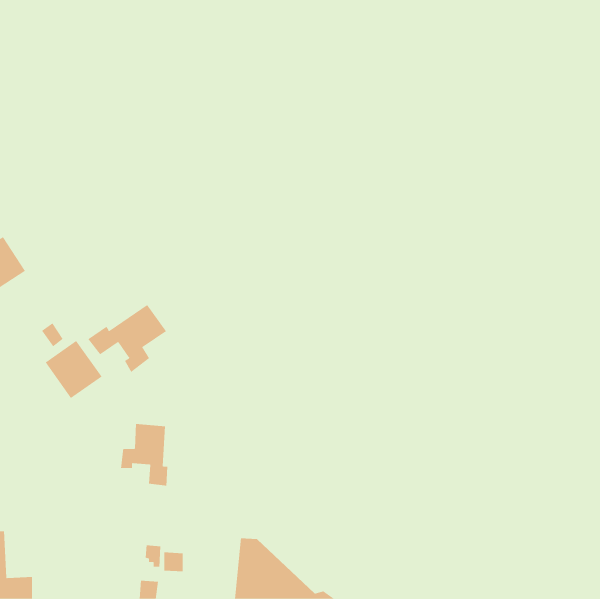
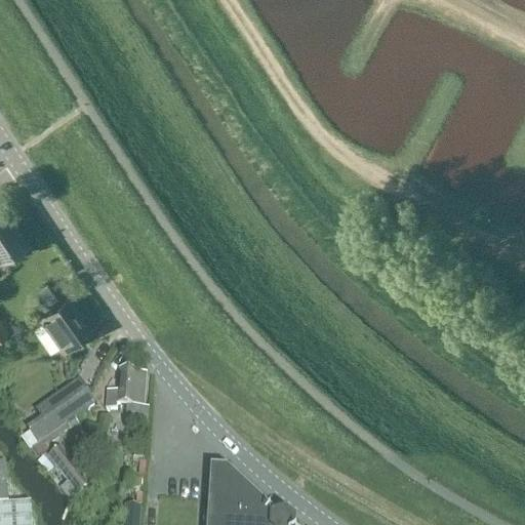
building: [87,304,167,373] -> none
building: none -> [28,383,93,442]
building: none -> [47,446,88,499]

